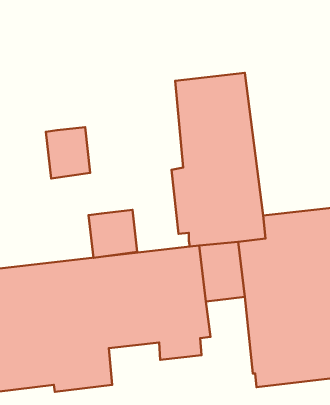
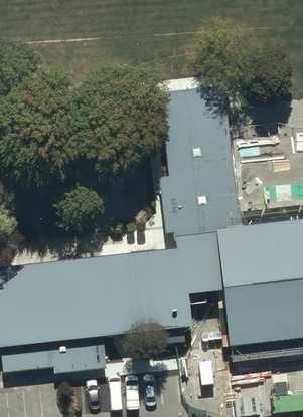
building: [46,127,90,179] -> none
building: [88,210,137,258] -> none

